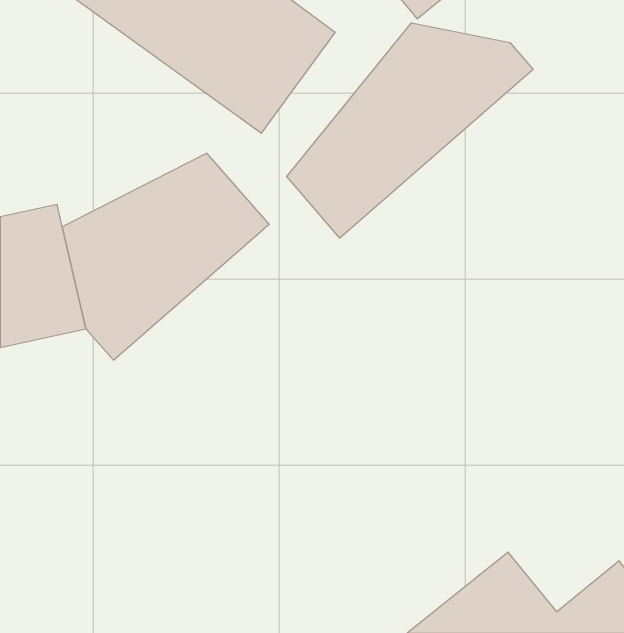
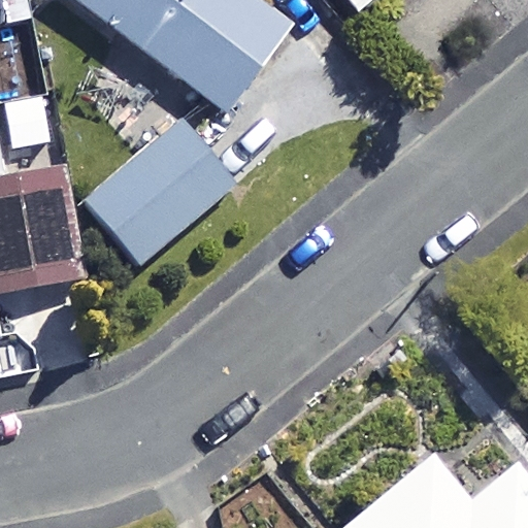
building: [287,23,533,238] -> none

